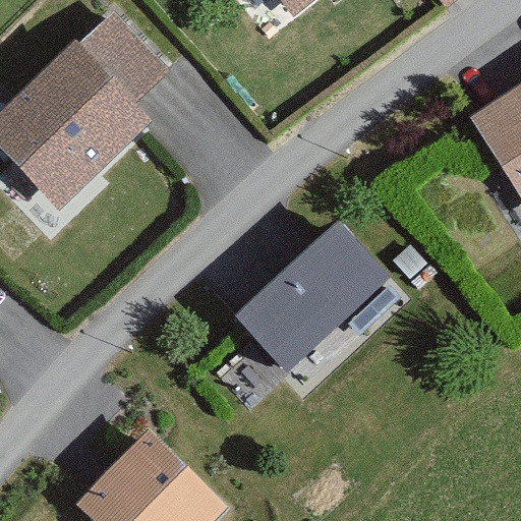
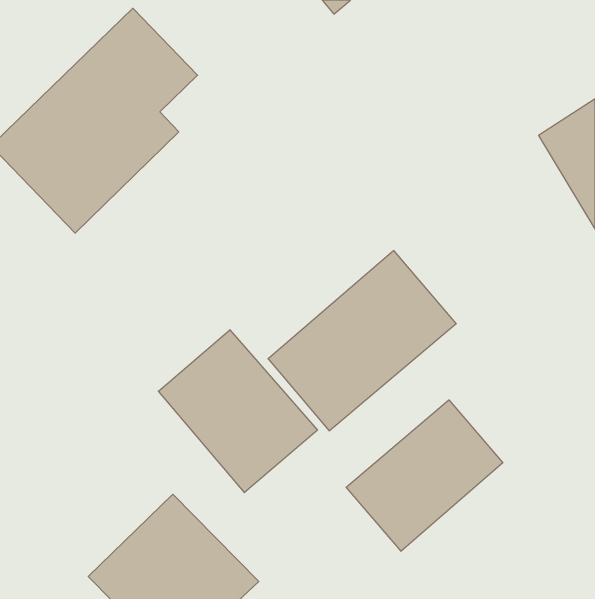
building: none -> [158,330,317,493]
building: none -> [346,400,503,551]

